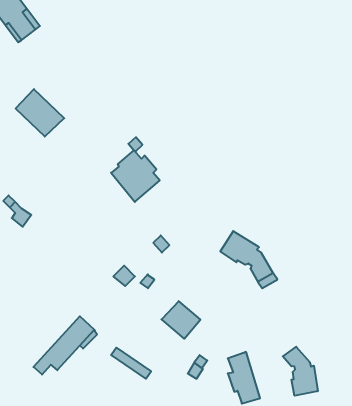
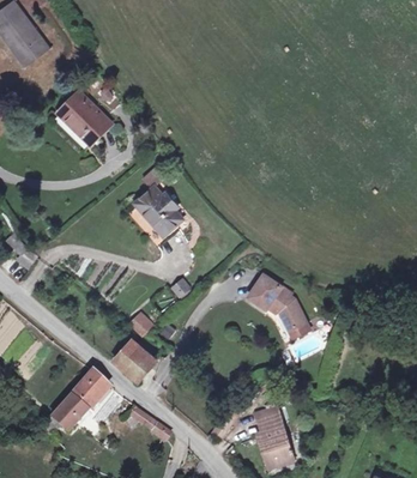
building: [16,89,64,137] -> [58,91,111,144]
building: [161,301,200,339] -> [113,339,156,381]
building: [283,347,318,396] -> none

